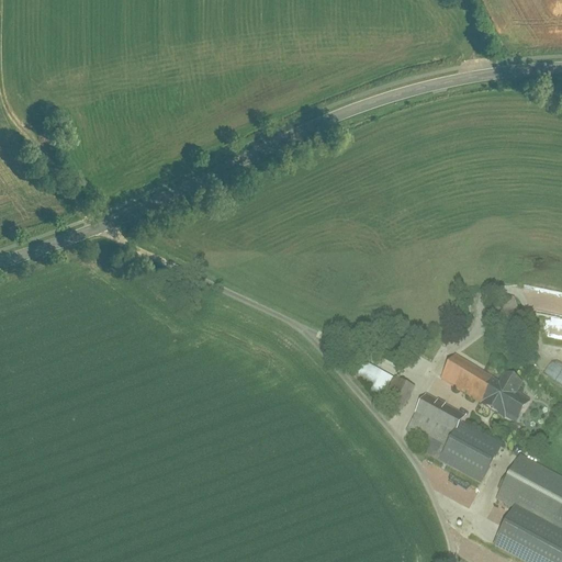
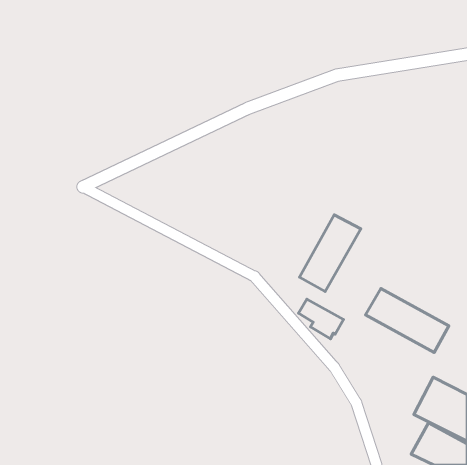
building: none -> [299,215,361,292]
building: [407,394,505,487] -> none

